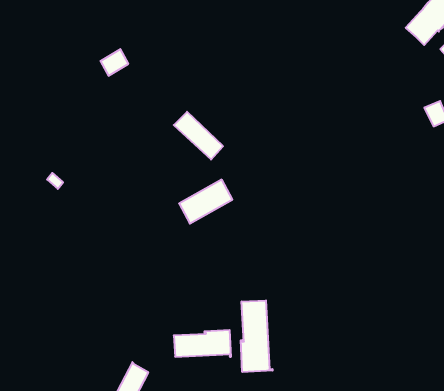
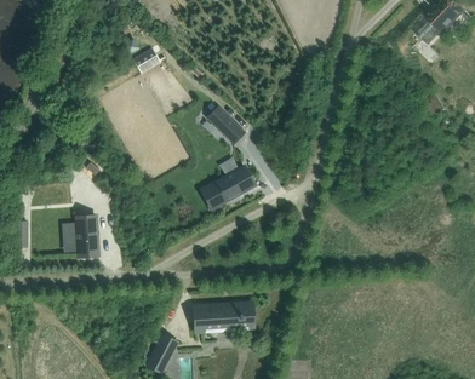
building: none -> [76,217,98,257]
building: [241,300,273,372] -> none

